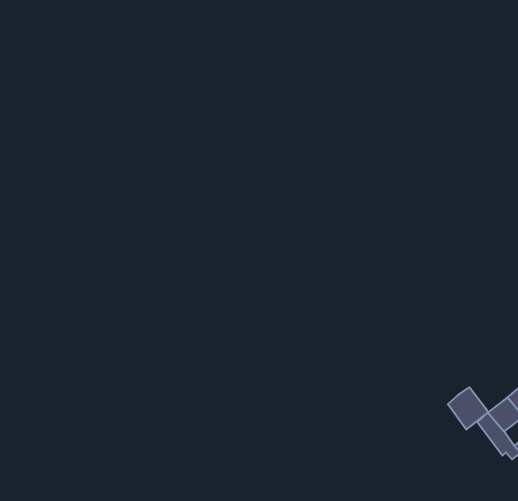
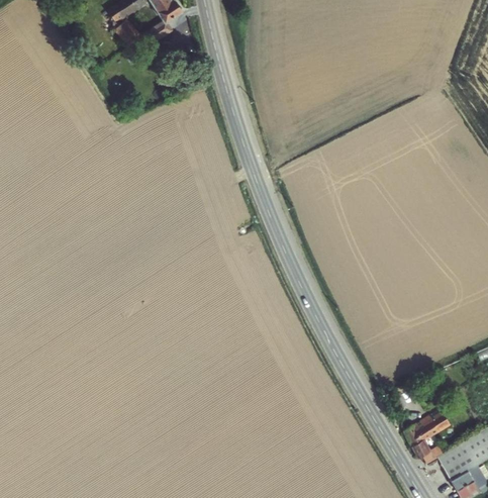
building: [448,387,488,430] -> none

